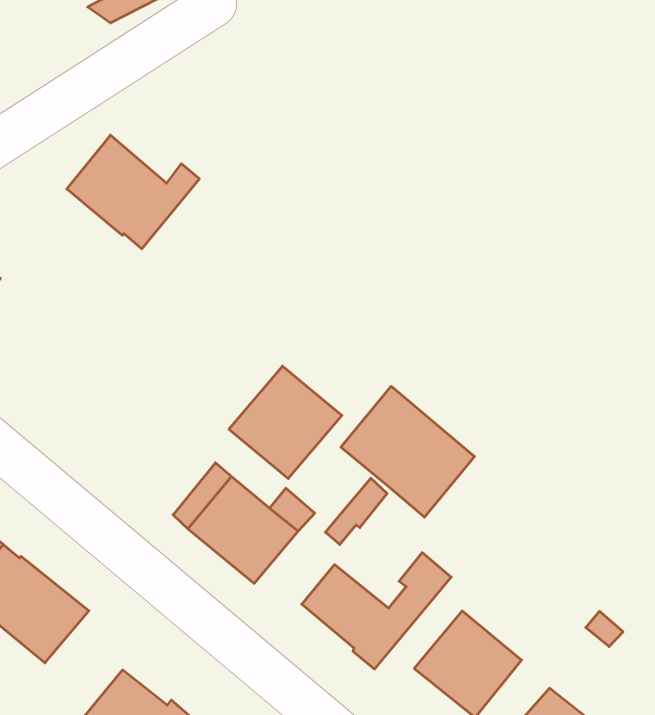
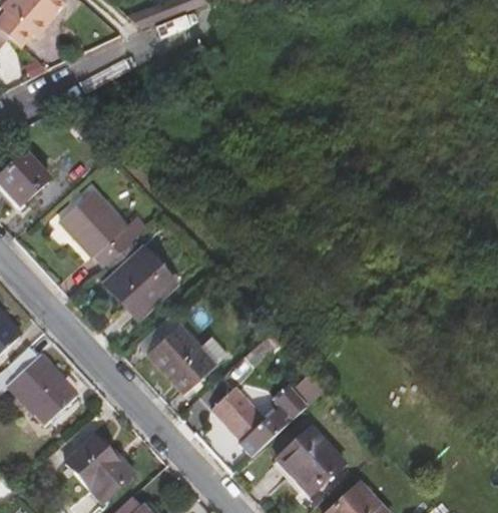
building: [67,135,199,249] -> [62,190,146,265]
building: [229,366,342,479] -> [104,245,176,317]
building: [341,386,475,517] -> none

